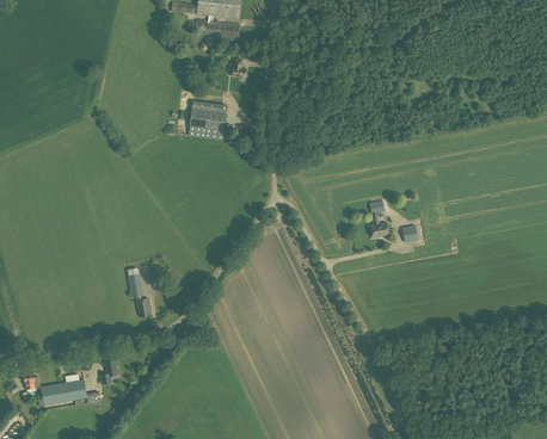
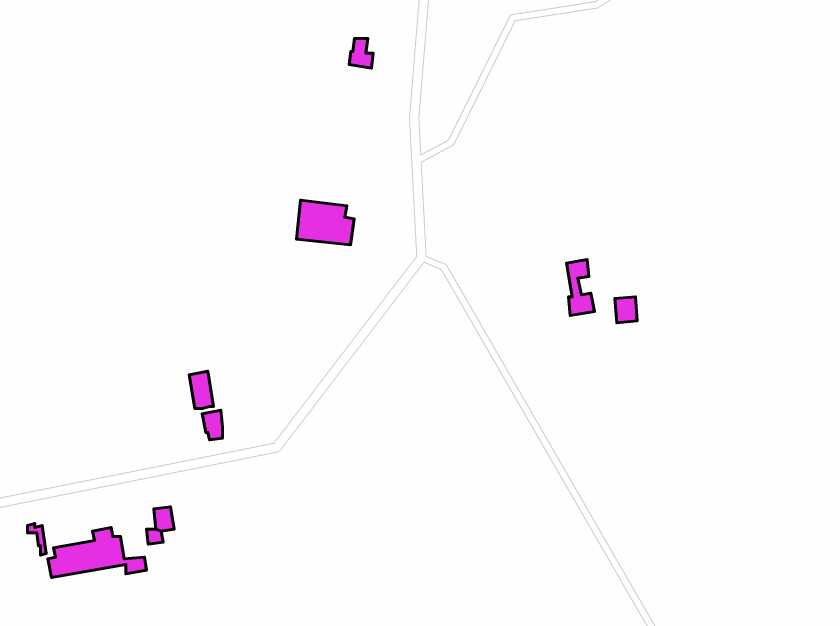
building: [190,101,227,130] -> [297,200,354,245]

